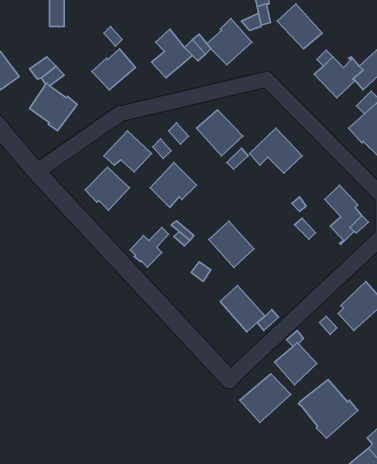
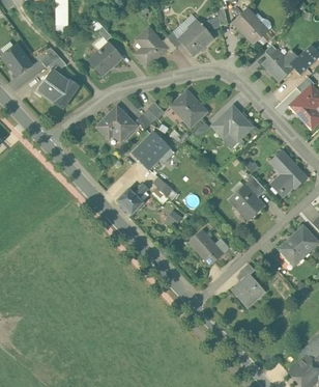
building: [85,167,130,210] -> none
building: [209,221,254,267] -> [229,184,264,220]
building: [240,374,291,423] -> none
building: [298,380,358,438] -> none

